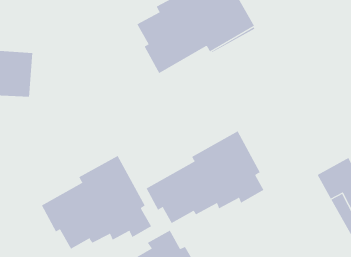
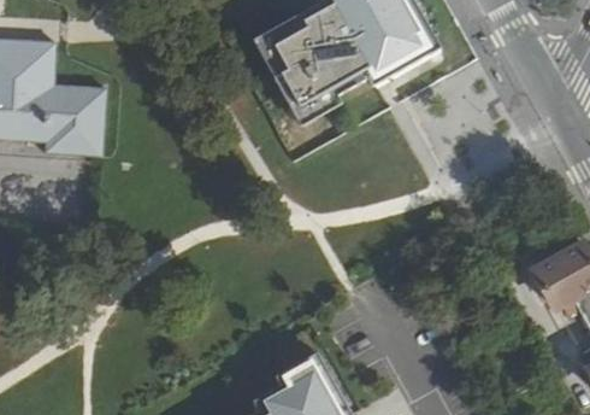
building: [146,130,264,224] -> none
building: [41,155,152,250] -> none

